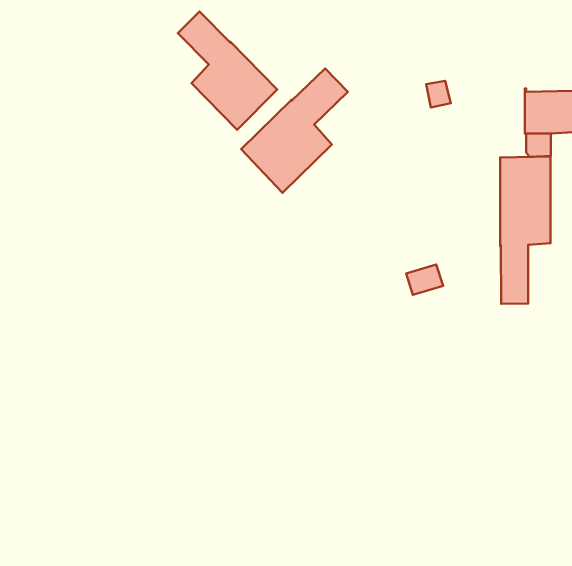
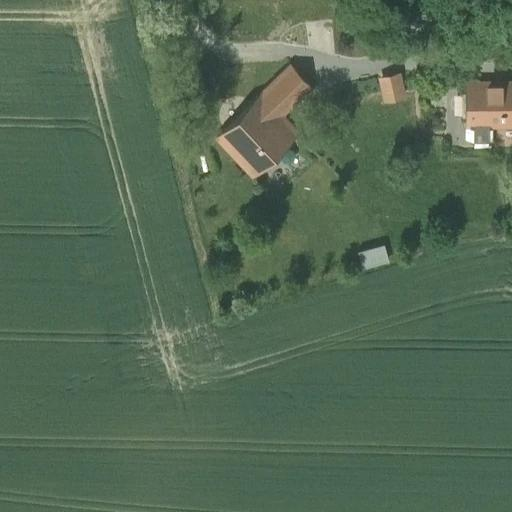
building: [178,11,277,130] -> none
building: [500,156,551,304] -> none

